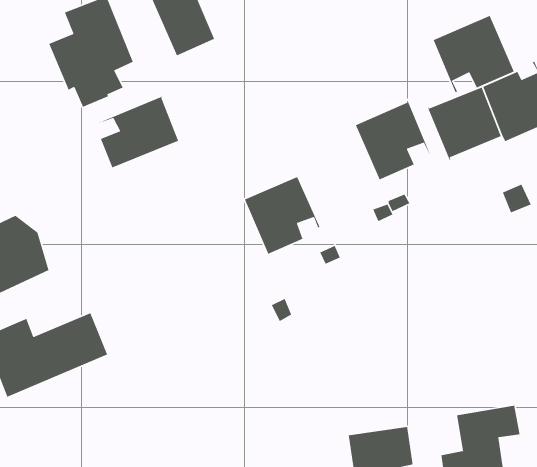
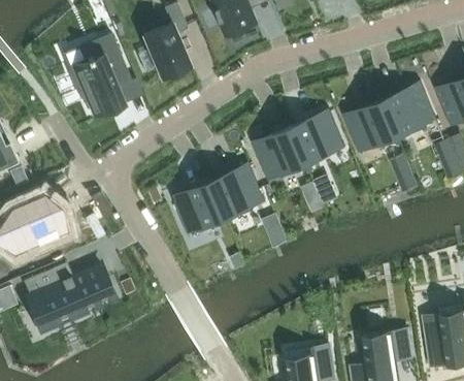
building: [432,15,515,94] -> none
building: [98,95,179,168] -> none
building: none -> [251,127,307,181]
building: none -> [170,181,227,234]

